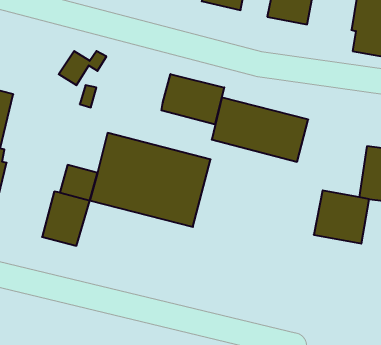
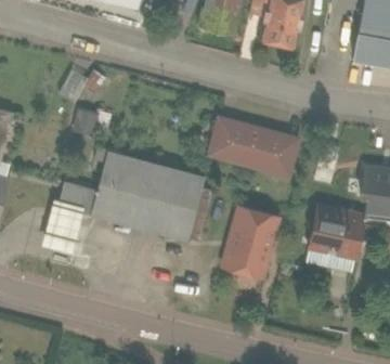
building: [161,74,224,125] -> none
building: none -> [222,205,278,281]

